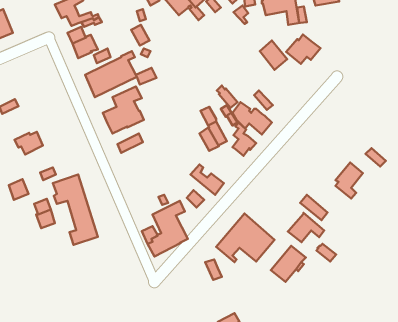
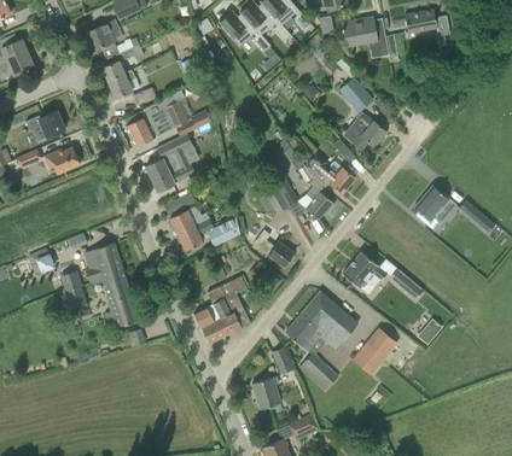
building: [286,34,320,64] -> [343,115,385,151]
building: none -> [25,111,65,141]
building: [14,132,43,154] -> [45,147,80,175]
building: none -> [170,205,240,251]
building: [336,162,363,199] -> [414,186,448,230]
building: [288,213,324,242] -> [342,251,386,287]
building: none -> [298,353,337,391]
building: none -> [251,376,280,409]

